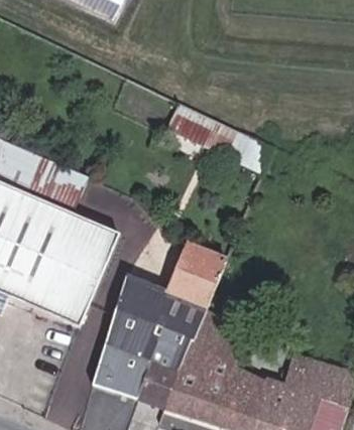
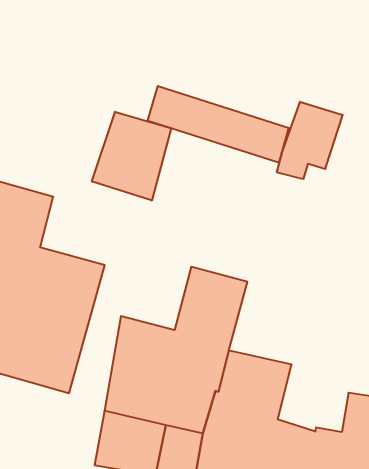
building: none -> [92,112,171,201]
building: none -> [277,102,343,179]

